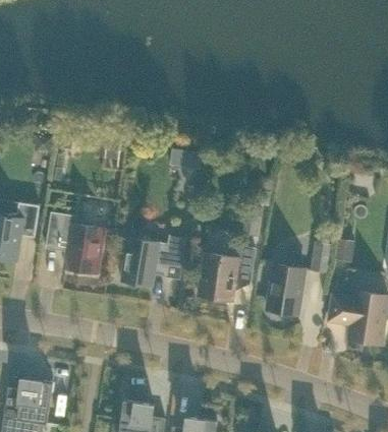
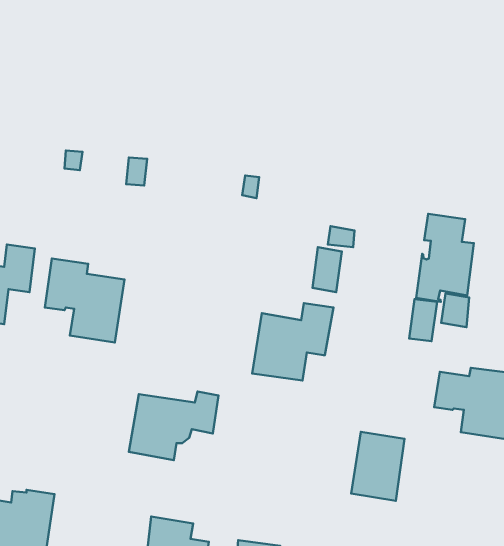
building: none -> [416,214,474,302]
building: [120,236,185,286] -> [129,391,219,460]
building: [266,264,304,314] -> [351,432,404,501]

